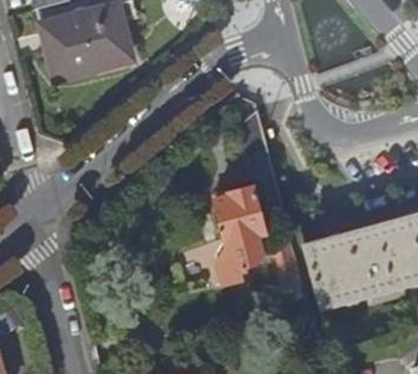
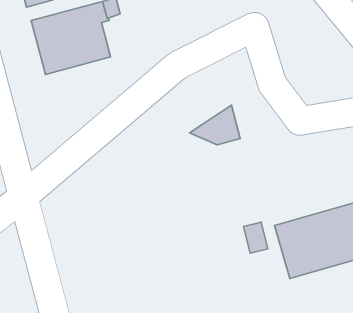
building: [217,192,265,289] -> none

